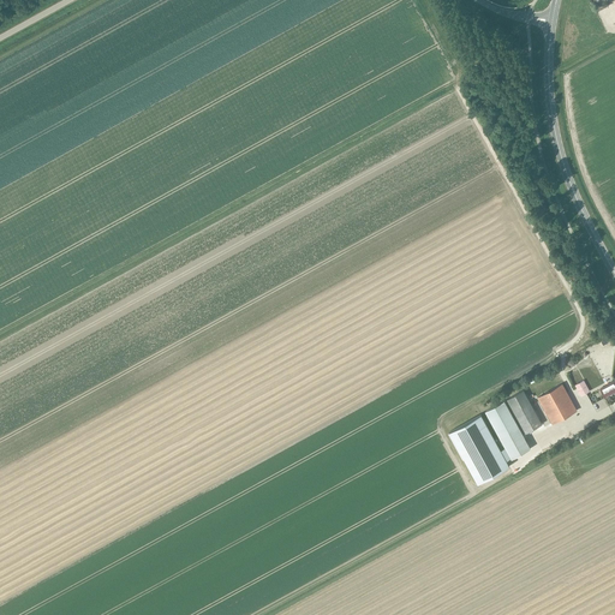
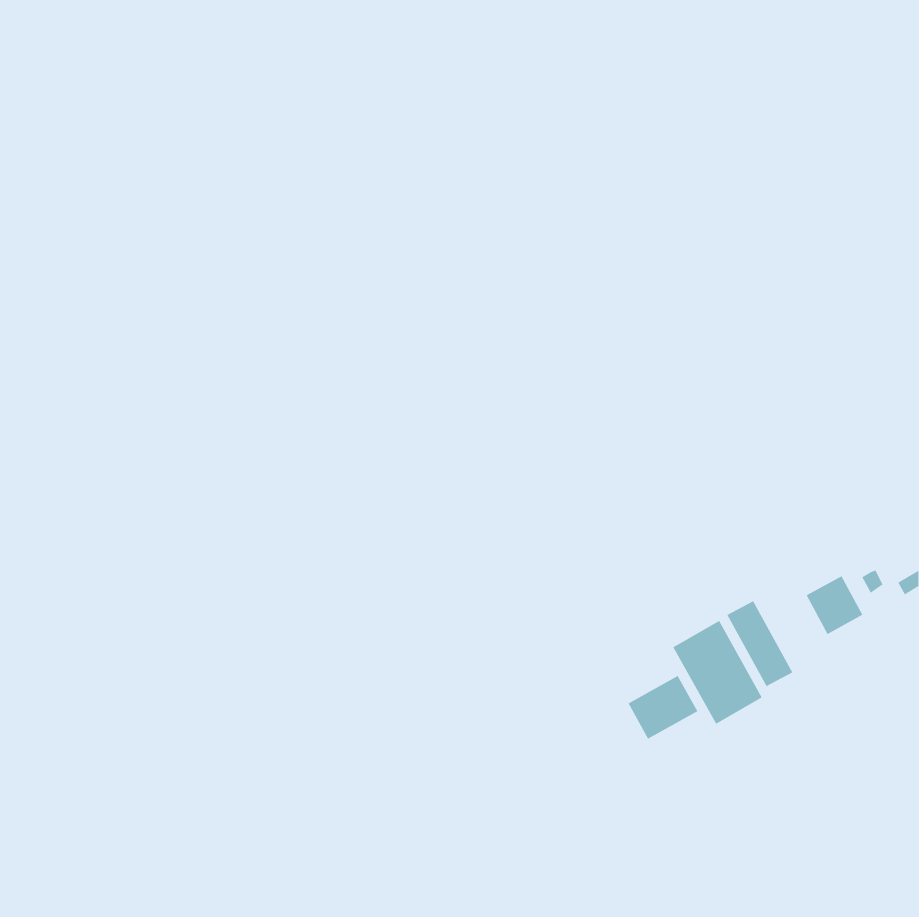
building: [507,392,542,435] -> none
building: none -> [628,675,698,740]

